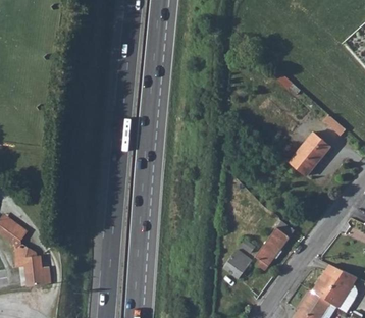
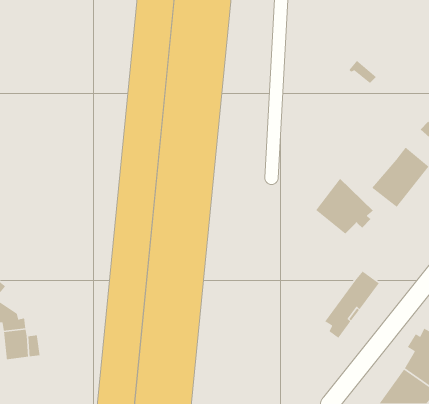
building: none -> [315,178,374,235]
building: [223,250,251,279] -> none

